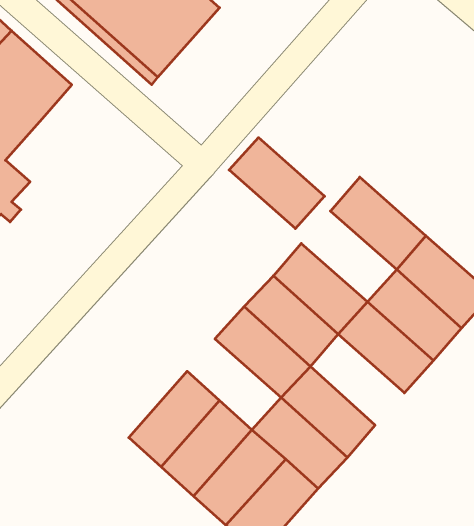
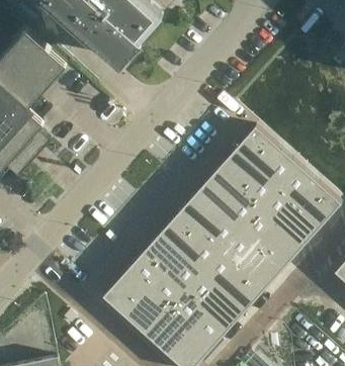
building: [229,138,325,229] -> [217,149,279,208]
building: none -> [223,230,284,289]
building: none -> [142,233,203,292]

